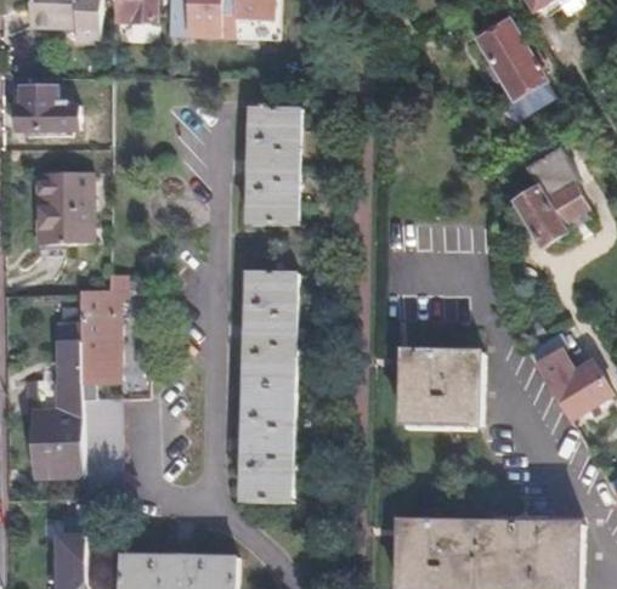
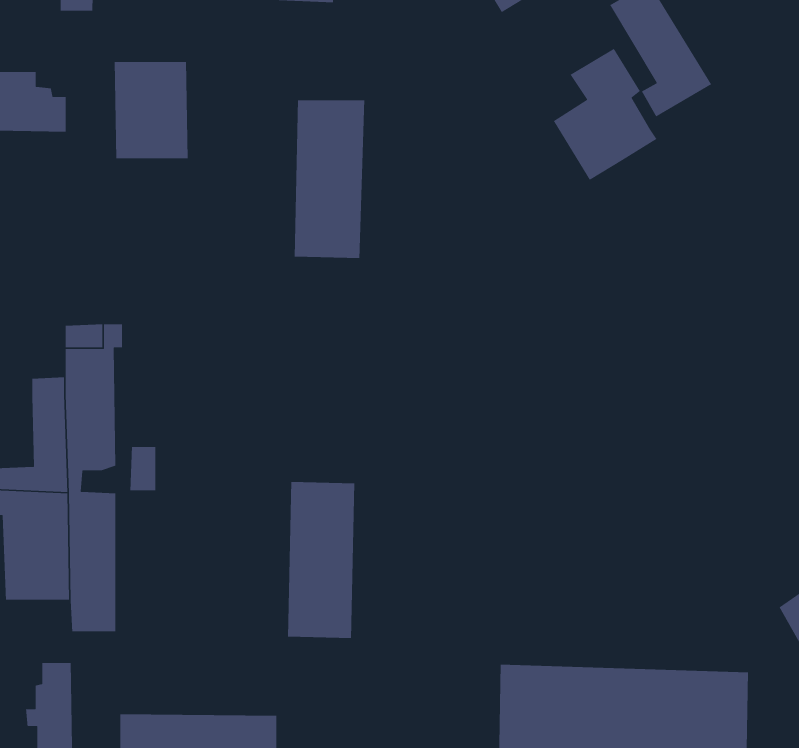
building: [513,148,589,245] -> [553,48,657,181]
building: [39,169,94,240] -> [114,61,188,159]
building: [244,272,295,389] -> none
building: [522,329,605,415] -> none
building: [400,351,482,426] -> none

